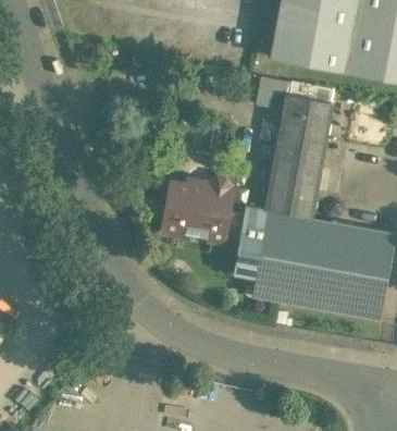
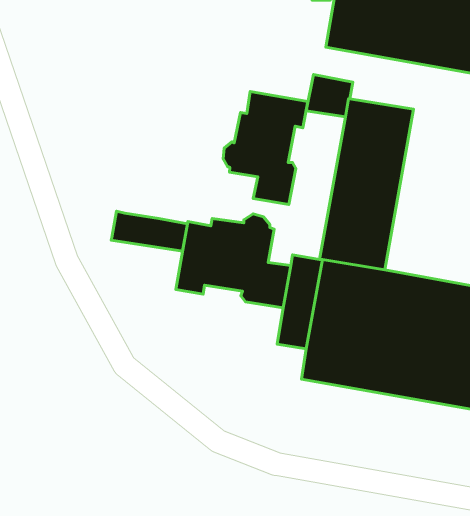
building: none -> [223,92,308,205]
building: none -> [111,211,188,251]

